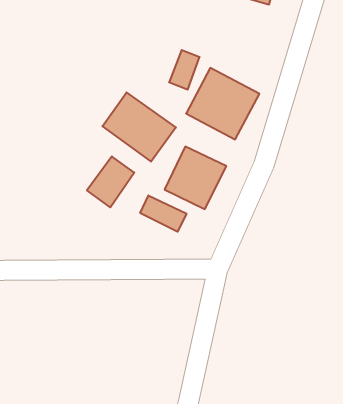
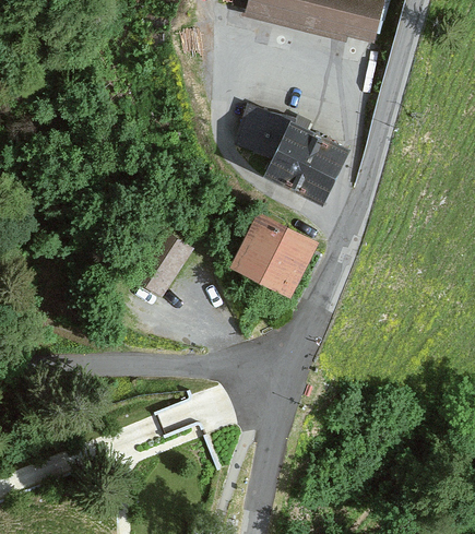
building: [102,92,176,162] -> none
building: [140,195,186,232] -> none

